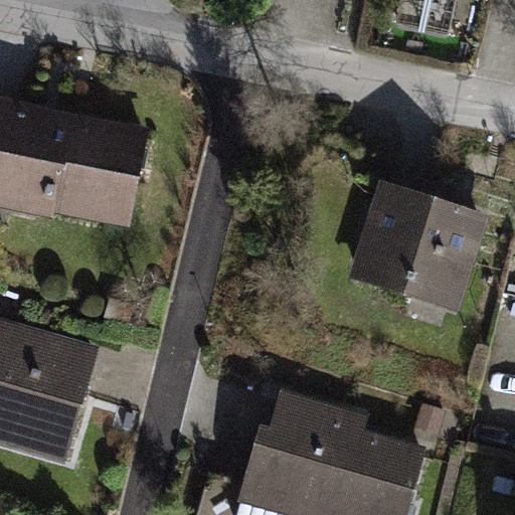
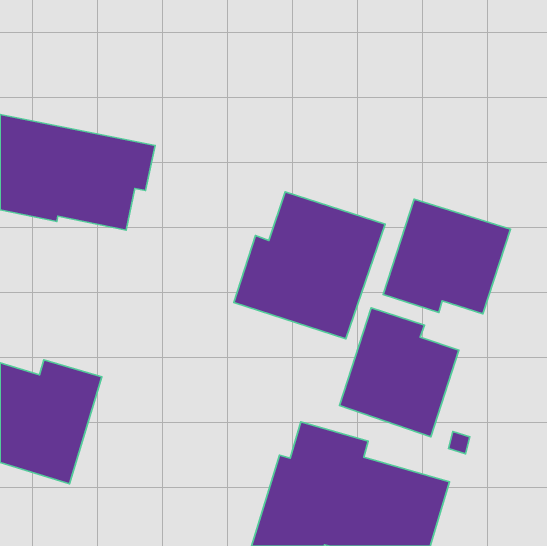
building: none -> [234,192,385,339]
building: none -> [339,308,459,437]

